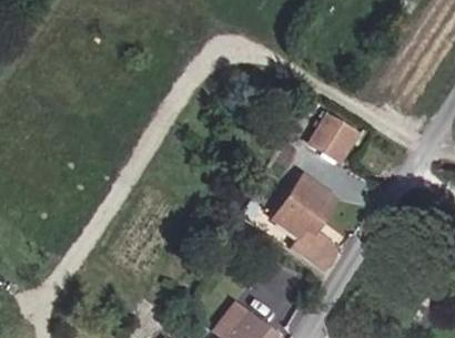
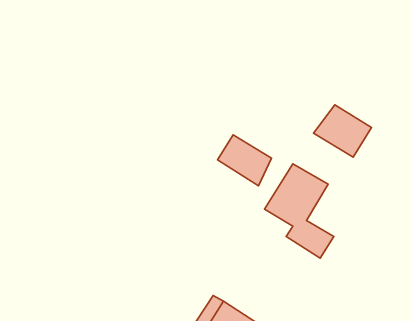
building: none -> [218,135,271,186]

